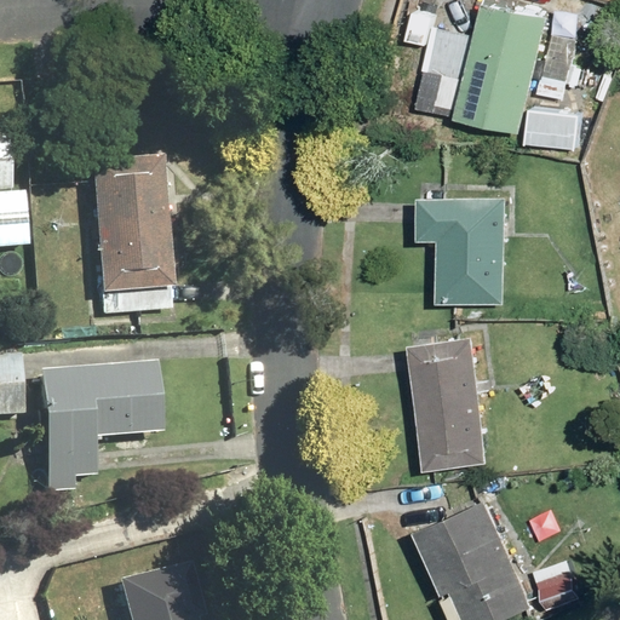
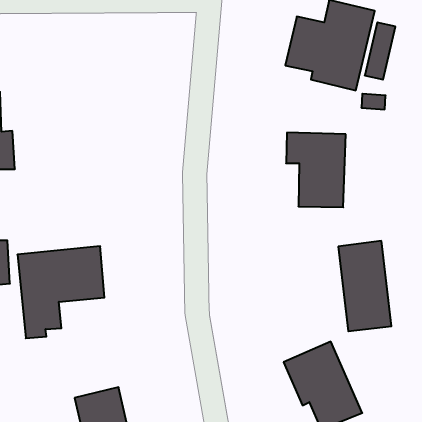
building: [84,162,163,317] -> none
building: [409,337,487,469] -> [338,241,391,331]

